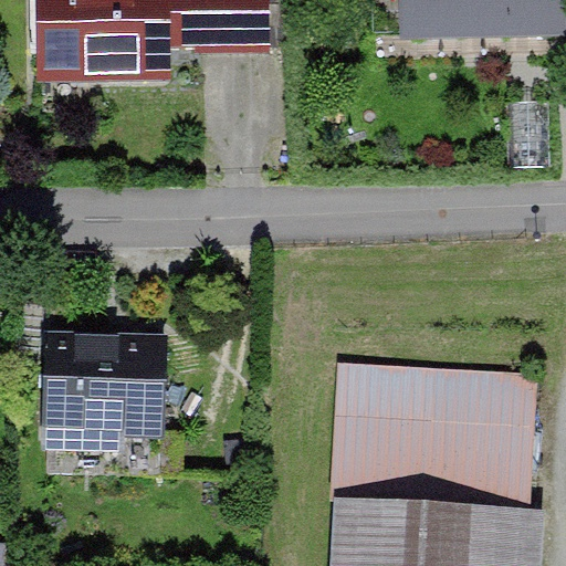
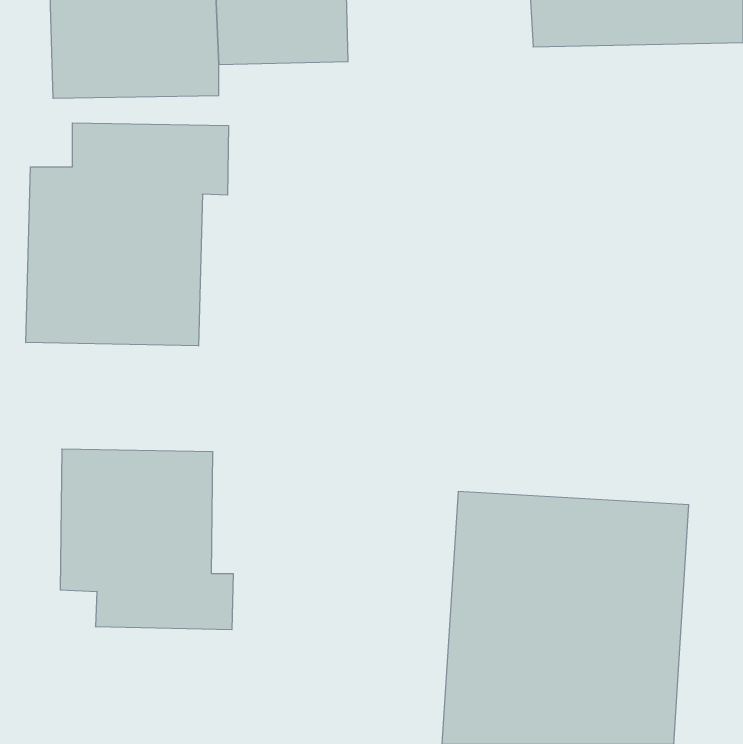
building: none -> [26,123,228,346]

